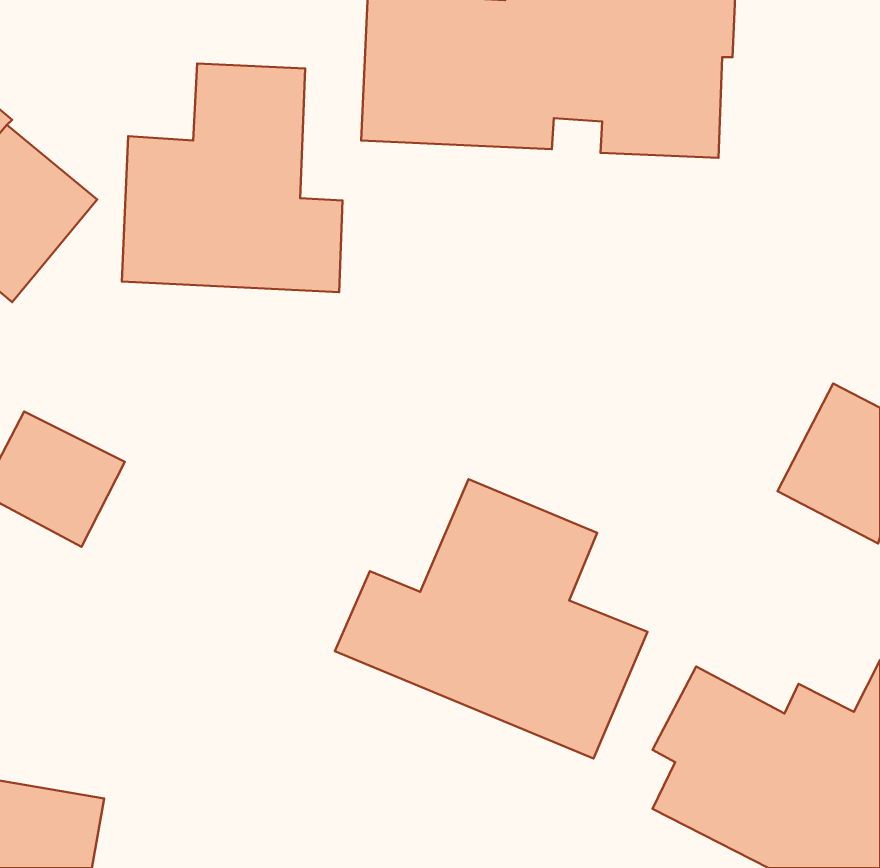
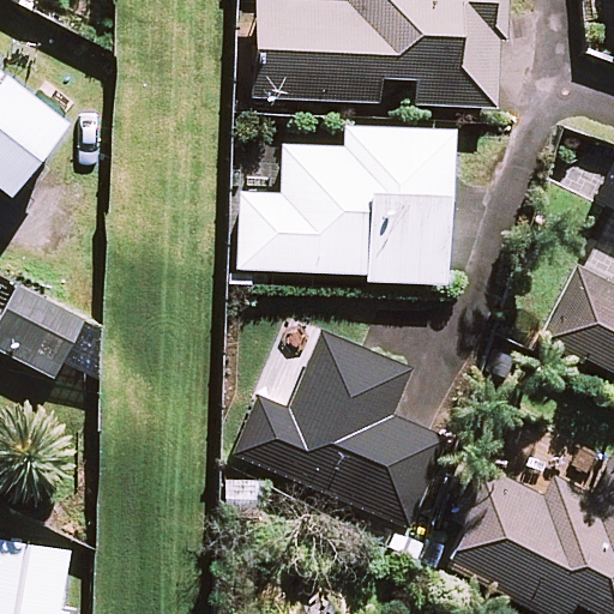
building: [122,63,342,292] -> none
building: none -> [235,125,459,287]

